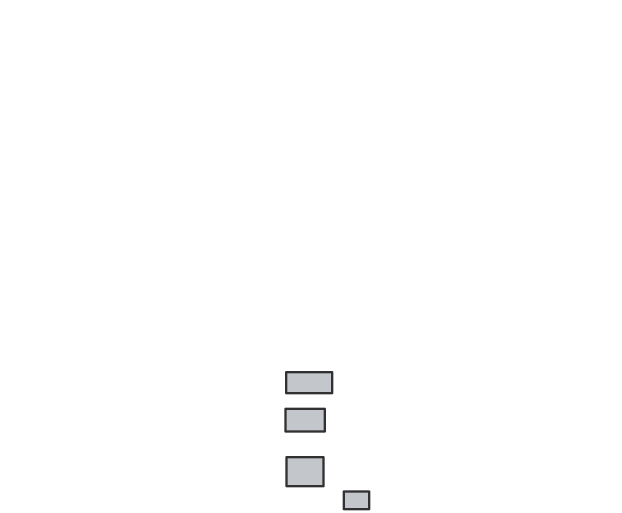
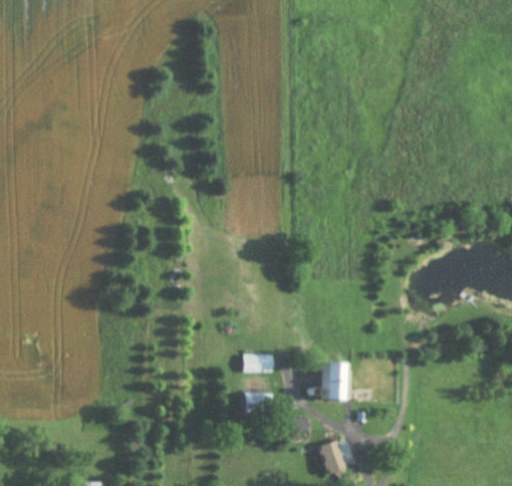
building: [286,372,332,393] -> none
building: none -> [320,363,346,401]

